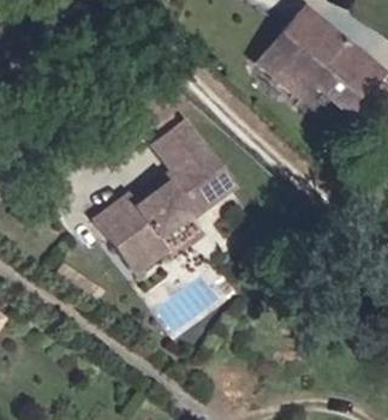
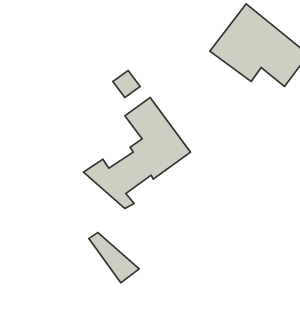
building: [95,214,155,274] -> [89,232,139,283]

